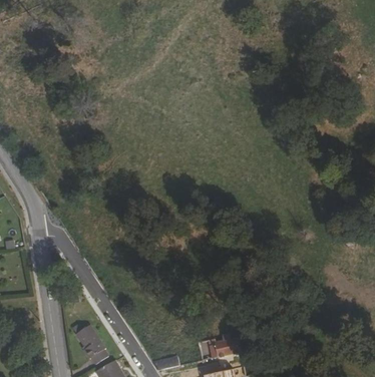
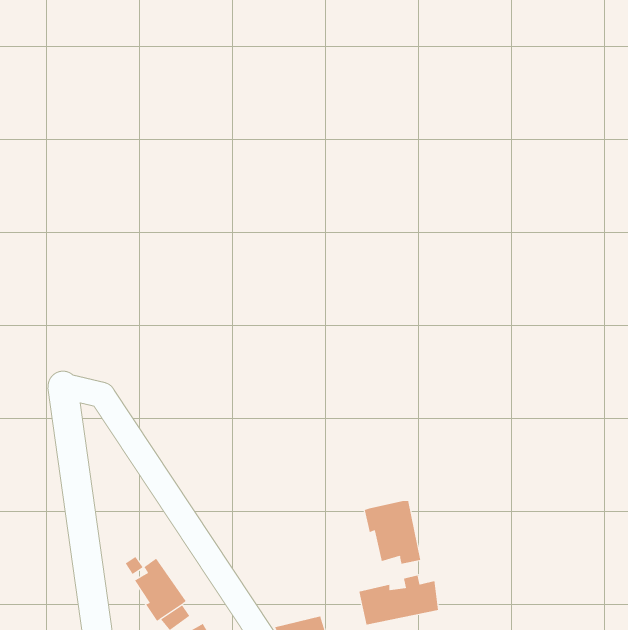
building: none -> [364,500,421,564]

